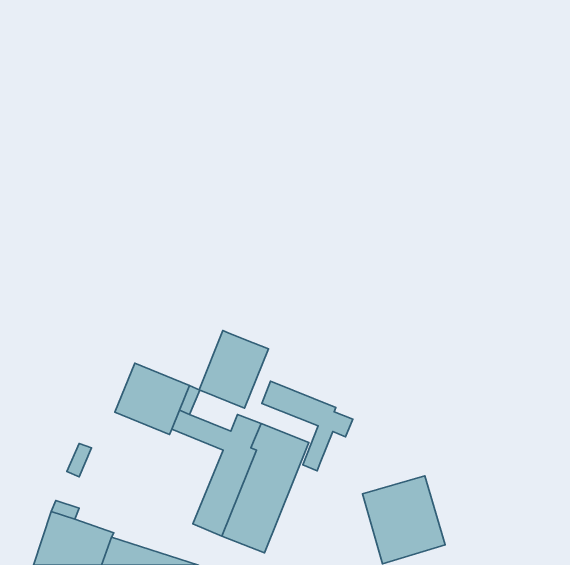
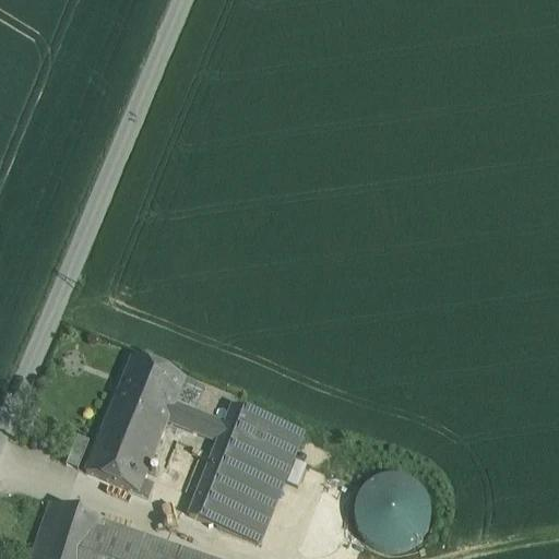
building: [199,331,268,408] -> none
building: [262,381,353,471] -> none
building: none -> [86,404,166,496]

